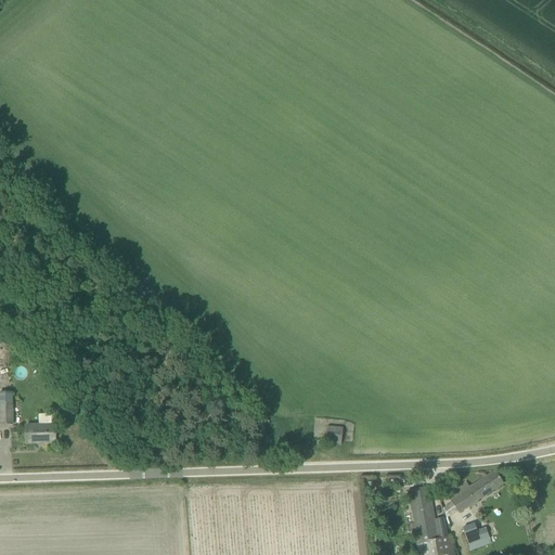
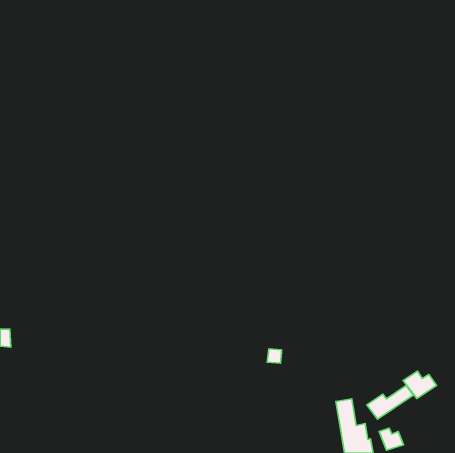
building: [25,423,55,441] -> none
building: none -> [403,371,436,399]

